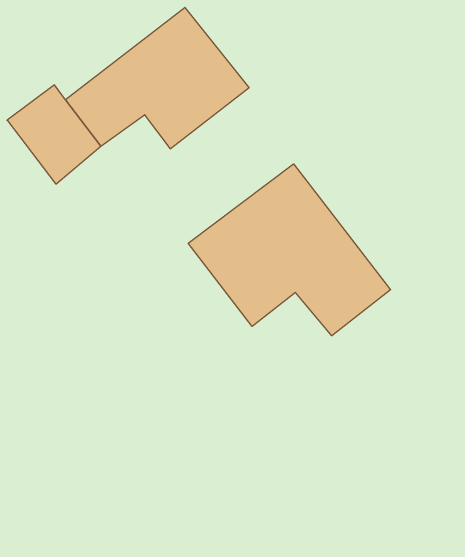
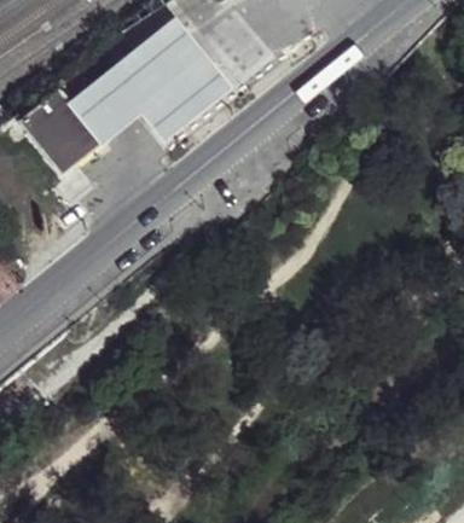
building: [188,164,391,336] -> none

